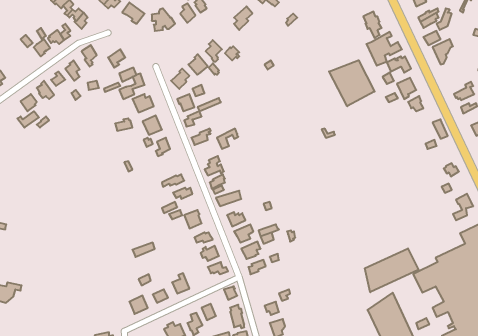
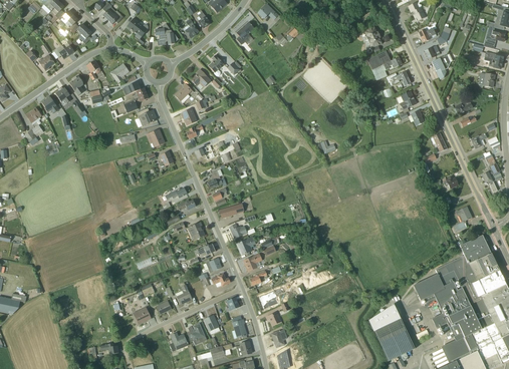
building: [329,60,375,106] -> none
building: [365,248,418,292] -> none

